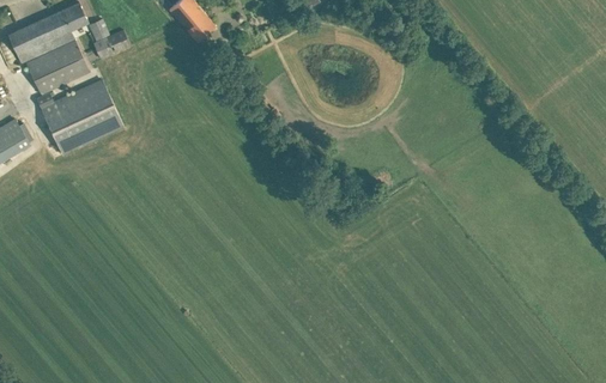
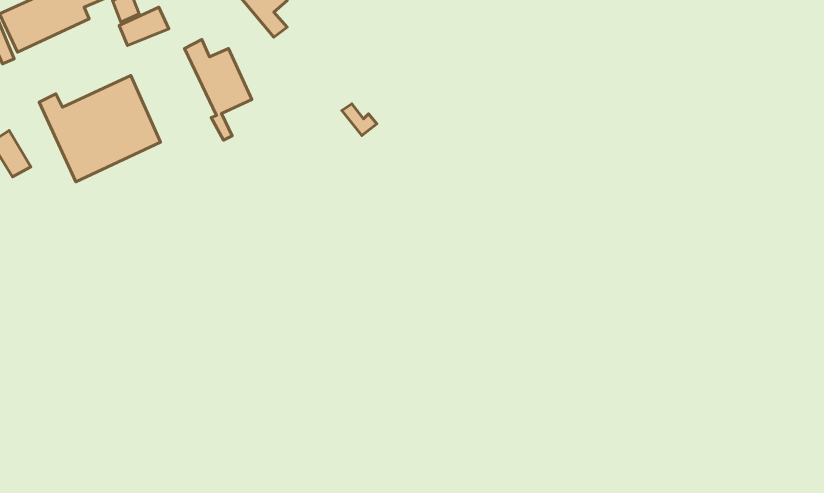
building: [25,41,86,92] -> none
building: none -> [185,39,252,140]

